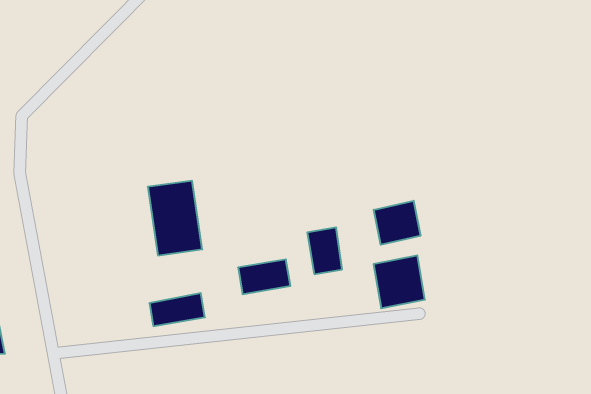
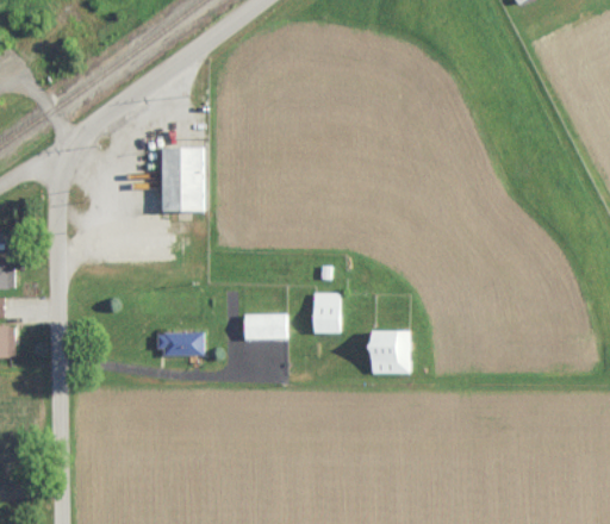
building: [148,181,202,255] -> [160,146,203,212]
building: [374,201,420,245] -> none

